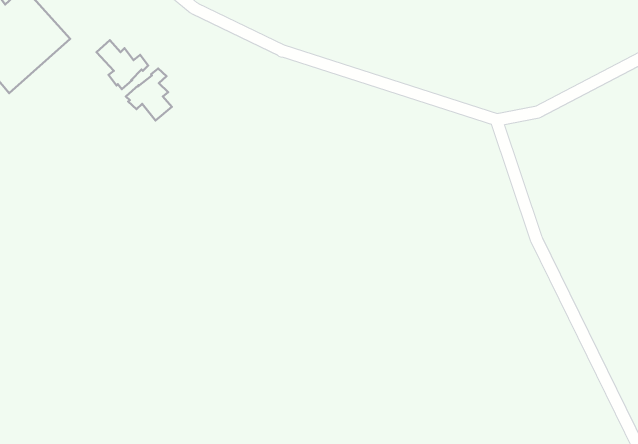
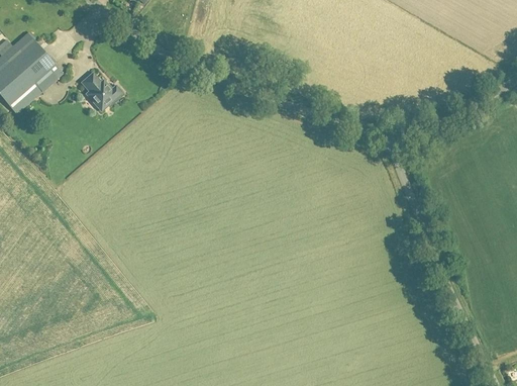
building: [126,69,172,121] -> none

